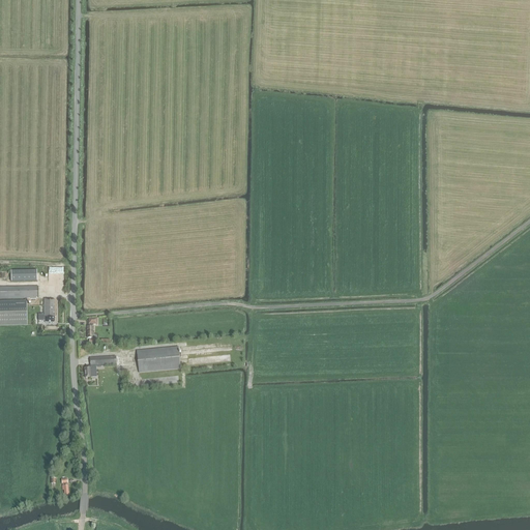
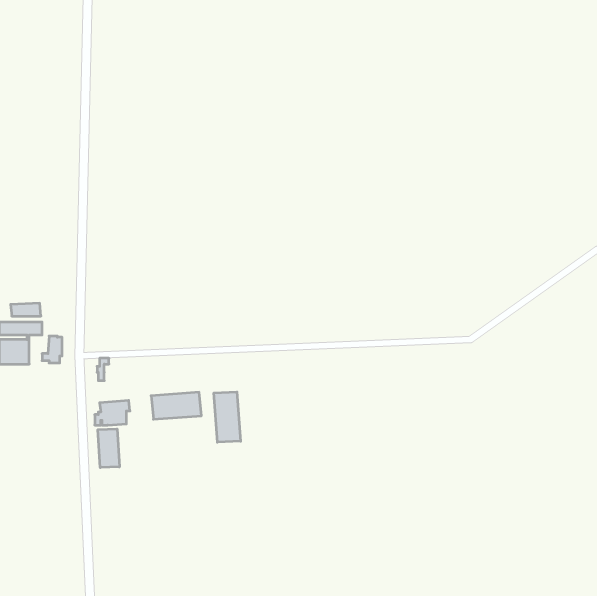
building: none -> [214,392,241,442]
building: none -> [98,429,119,468]

